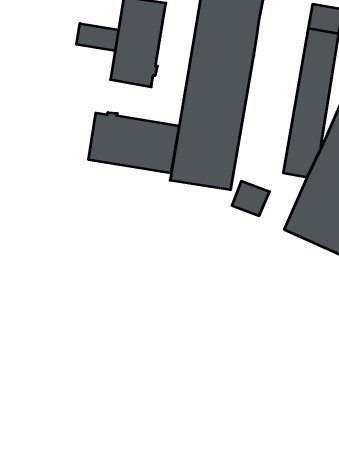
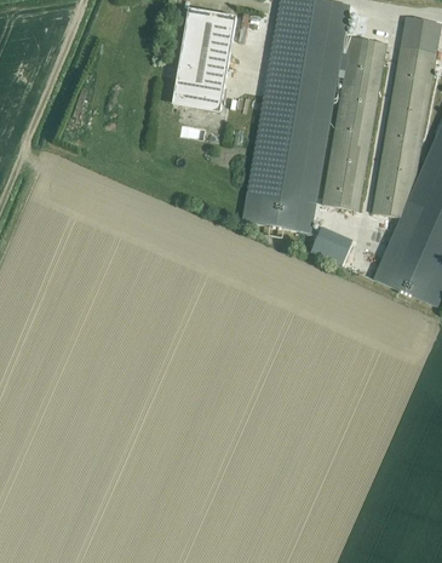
building: none -> [321,35,385,209]
building: [77,23,119,51] -> none
building: [89,112,179,173] -> none

